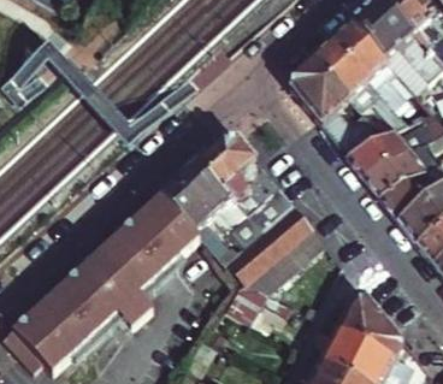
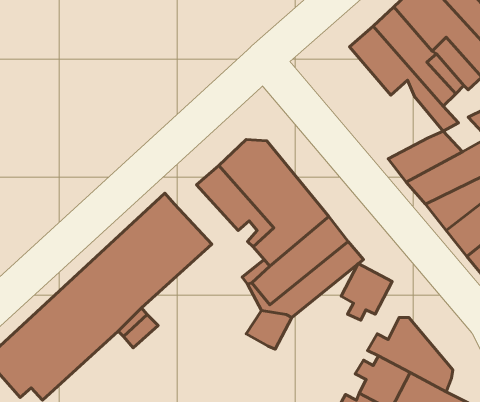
building: [291,60,358,149] -> none
building: [160,181,219,252] -> none
building: none -> [341,264,392,320]

